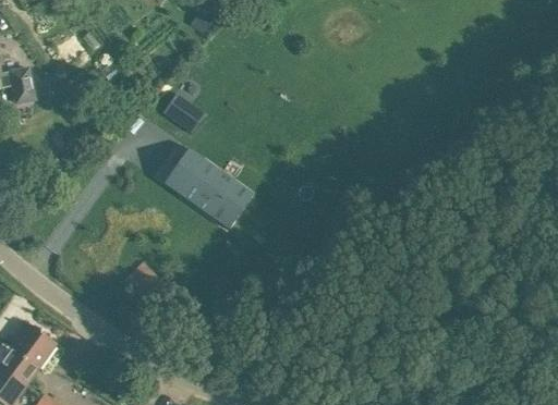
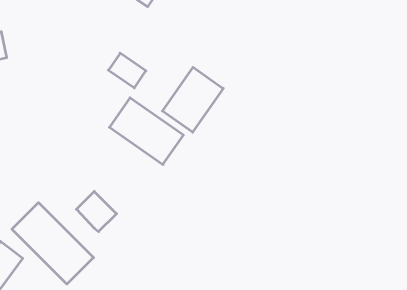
building: none -> [162,67,223,132]
building: none -> [12,203,94,284]

